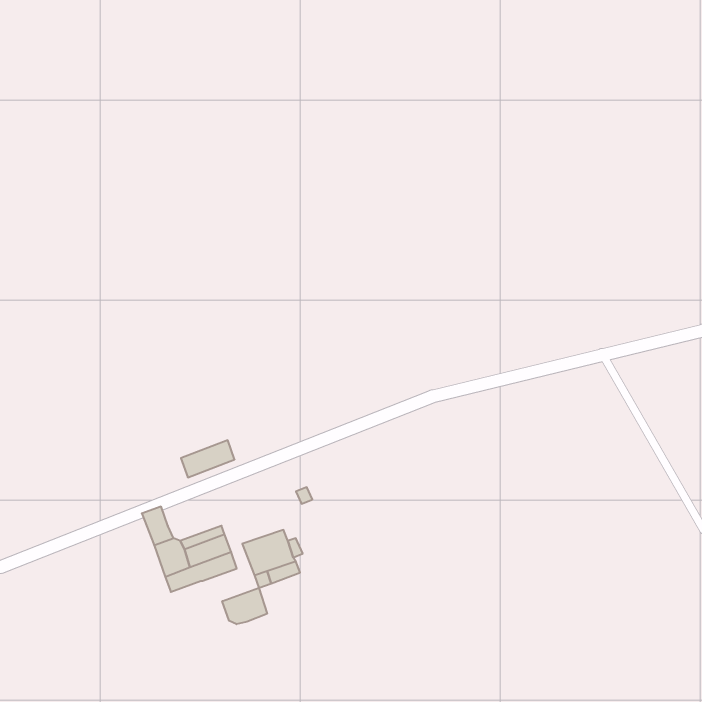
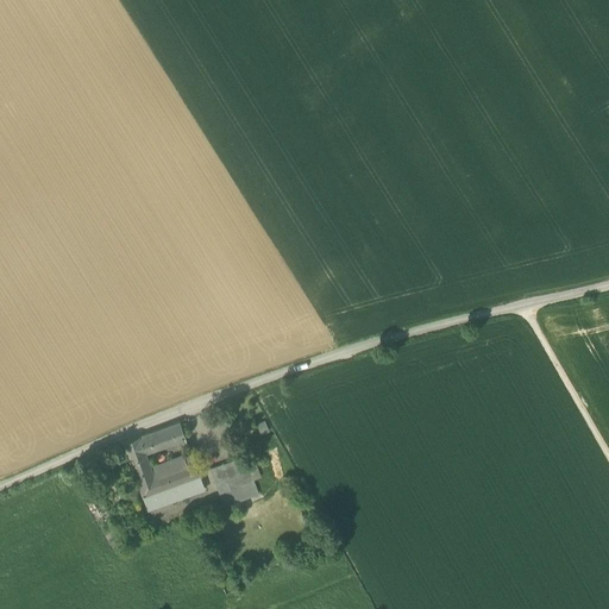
building: [181,440,235,477] -> [140,422,187,454]
building: [222,588,267,624] -> none

